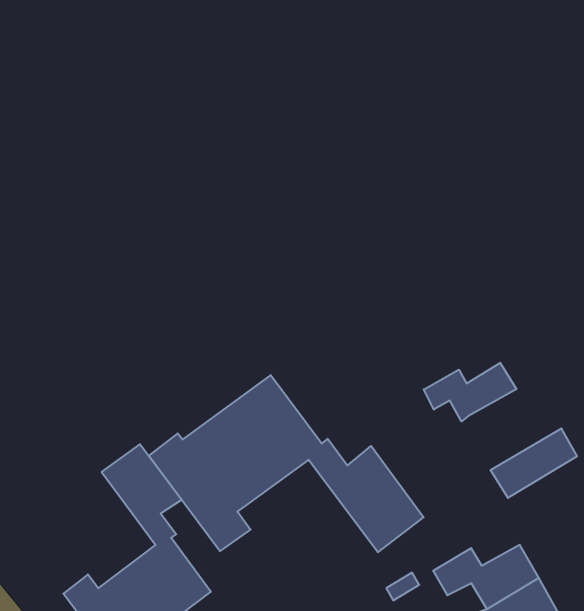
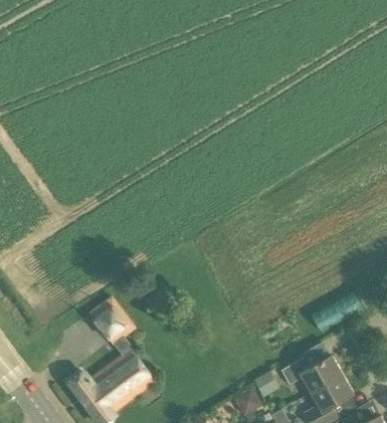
building: [424,363,516,421] -> none
building: [149,375,424,552] -> none

